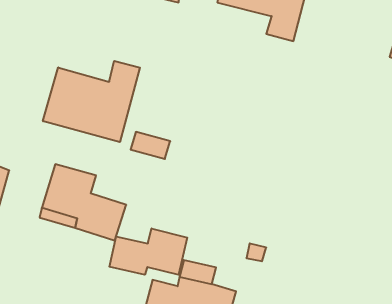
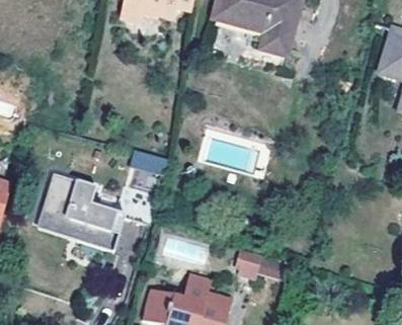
building: [43,61,140,142] -> none
building: [109,228,187,275] -> none

